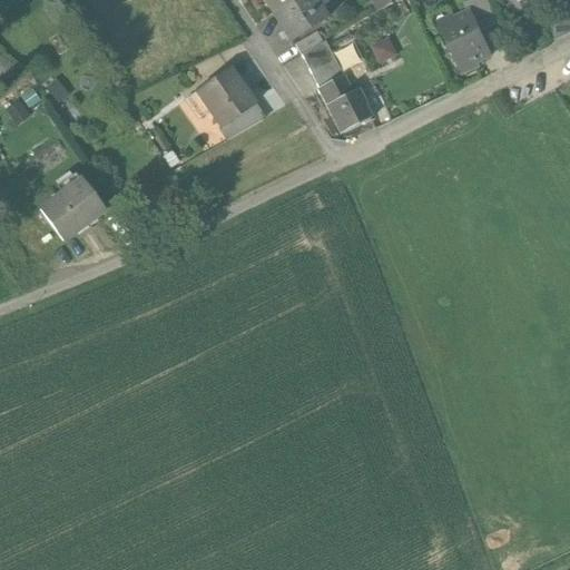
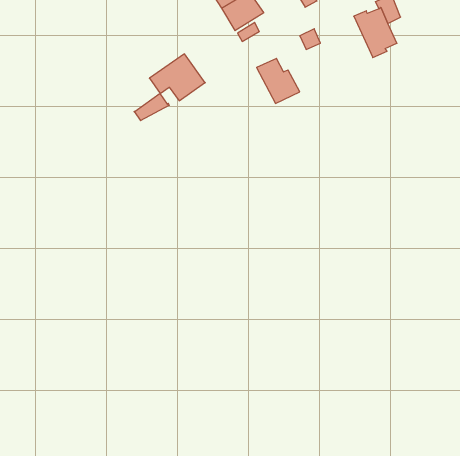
building: [302,40,342,83] -> none
building: [220,102,264,136] -> [134,94,169,121]
building: [40,178,104,239] -> none

